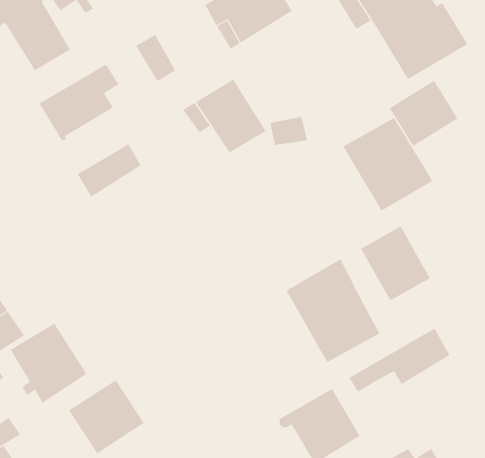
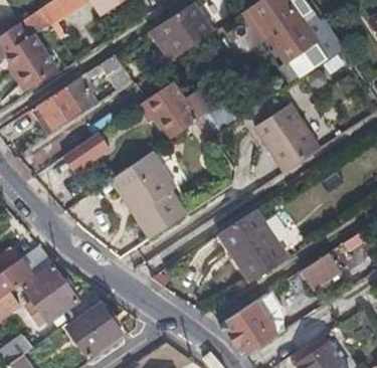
building: [389,80,458,147] -> none
building: none -> [110,153,192,236]
building: [360,226,431,301] -> none

